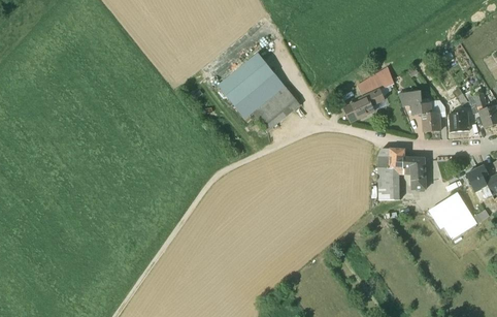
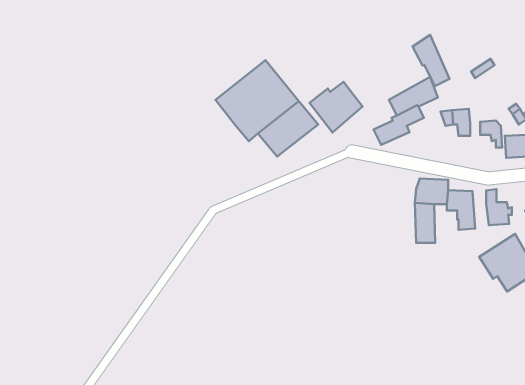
building: none -> [412,35,450,86]
building: none -> [309,82,362,133]
building: [422,102,442,131] -> [486,189,512,225]

